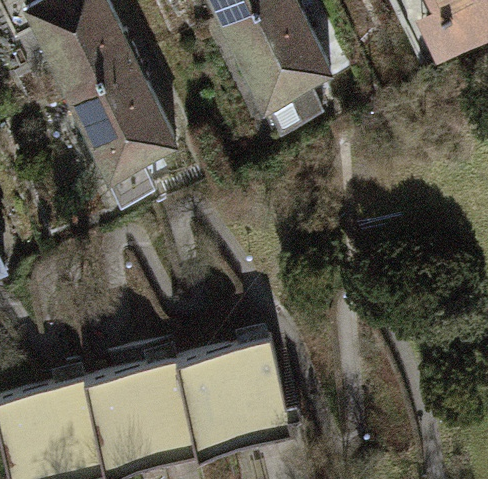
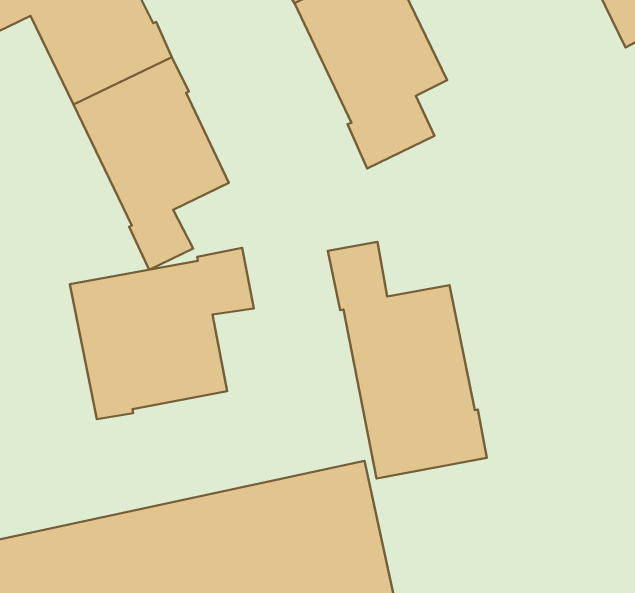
building: none -> [328,242,487,479]
building: none -> [70,248,254,419]

